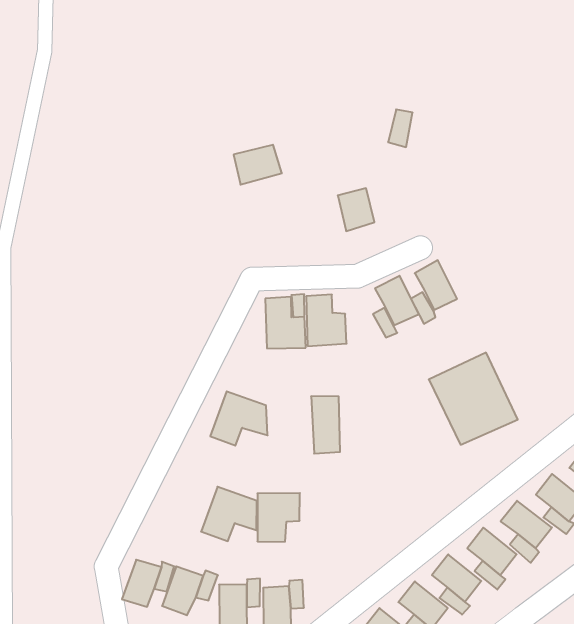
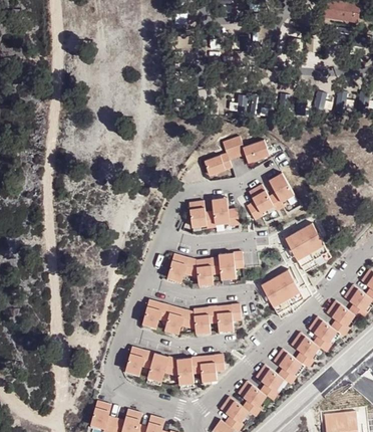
building: [234,145,282,185] -> [205,153,232,176]
building: none -> [244,140,269,163]
building: none -> [196,258,220,286]
building: none -> [261,265,309,313]
building: none -> [141,300,170,330]
building: none -> [217,303,241,332]

